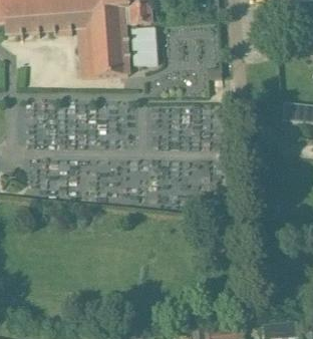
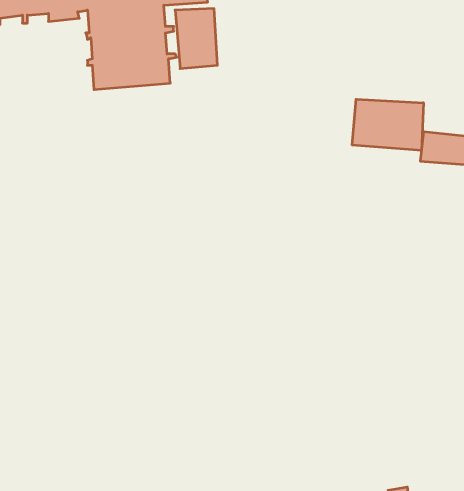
building: none -> [352,99,423,151]

